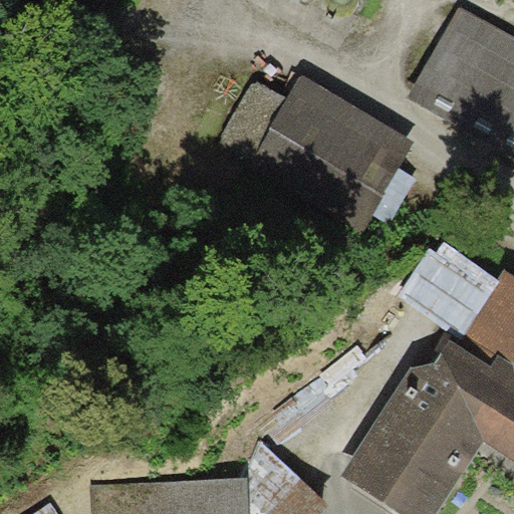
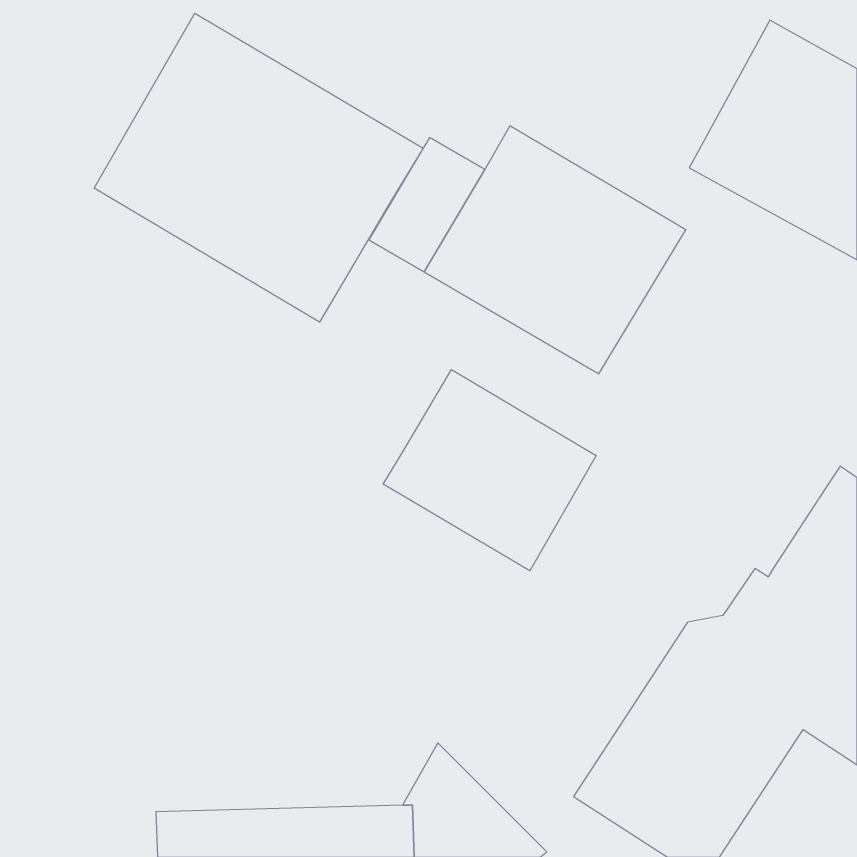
building: none -> [94,13,423,322]
building: none -> [383,370,596,571]
building: [402,249,497,340] -> none

